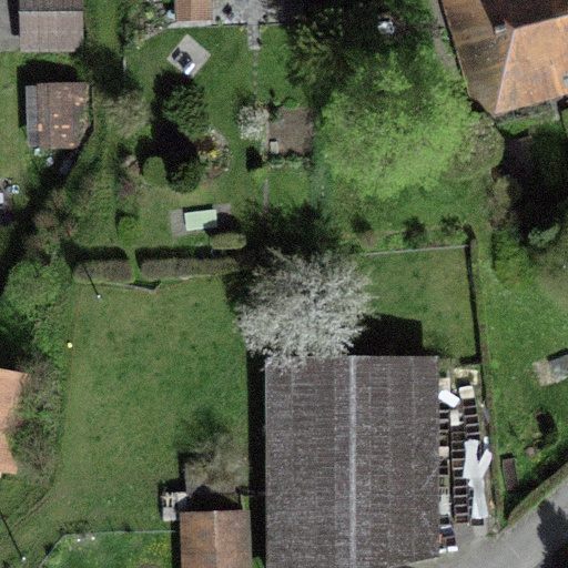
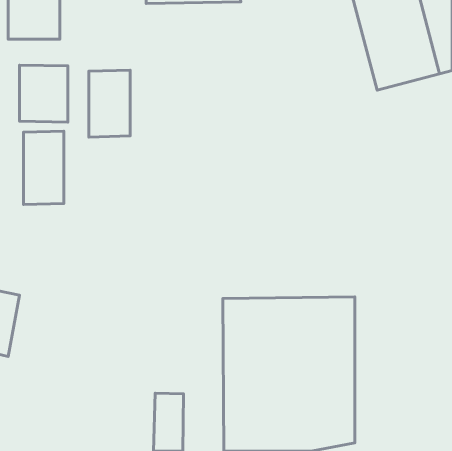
building: none -> [89,70,130,137]
building: none -> [24,131,64,204]

